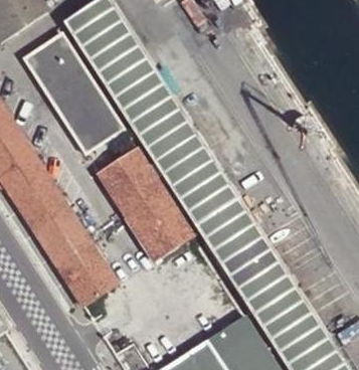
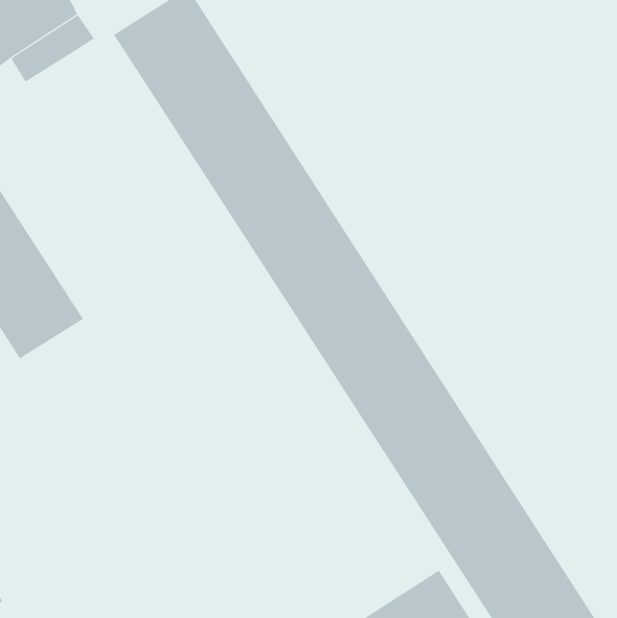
building: [22,31,123,152] -> none
building: [97,146,190,257] -> none
building: [13,177,116,305] -> none

